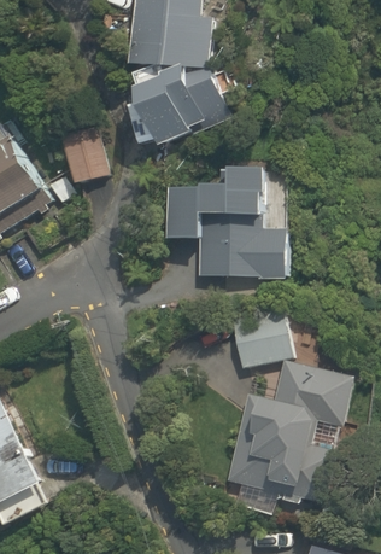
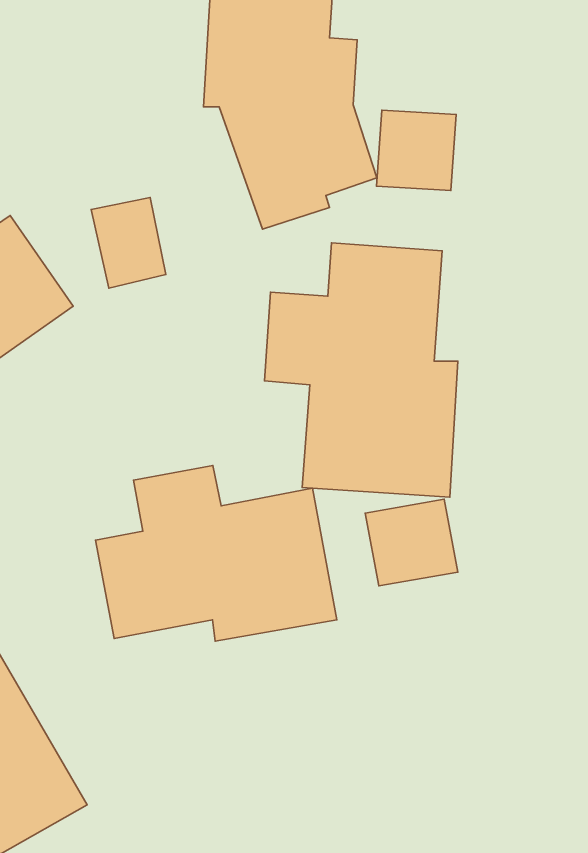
building: none -> [376,110,456,190]
building: none -> [95,466,337,641]
building: [217,360,354,507] -> none

